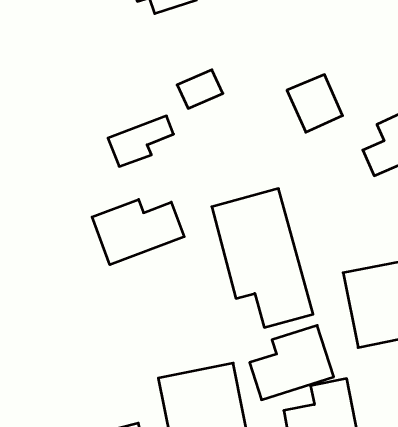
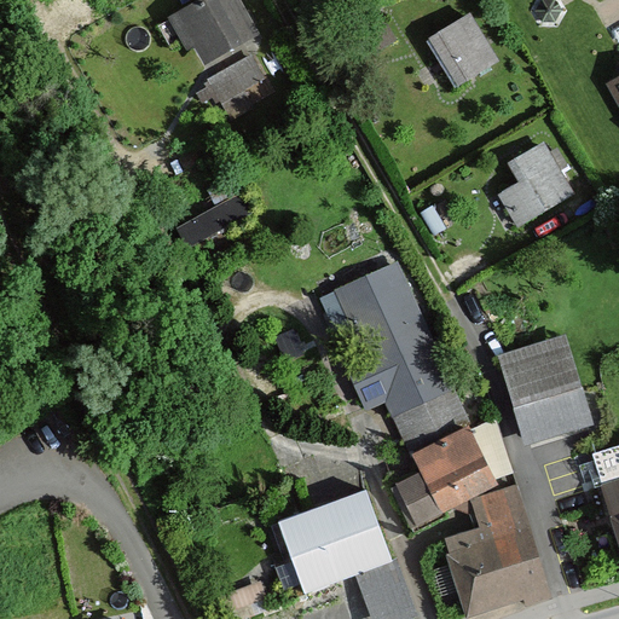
building: [177,70,223,108] -> [203,52,262,105]
building: [287,75,343,132] -> [426,12,501,88]
building: [92,199,184,265] -> none

